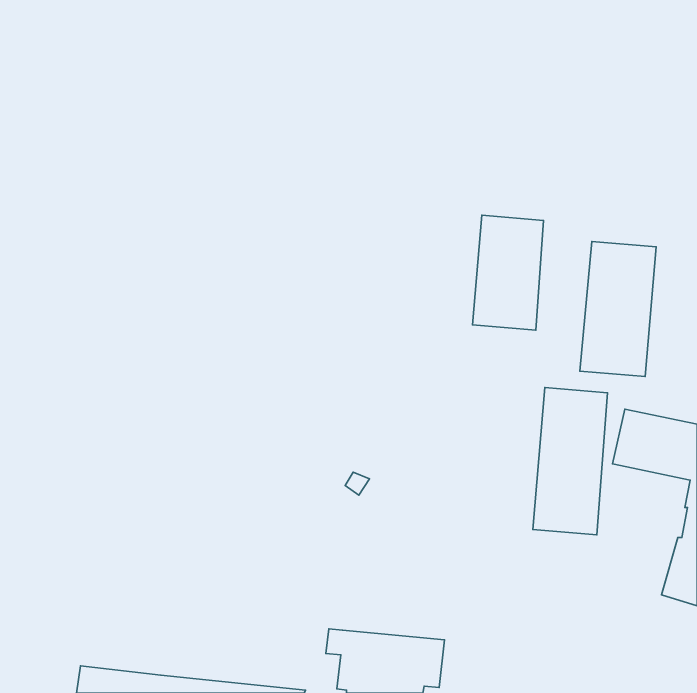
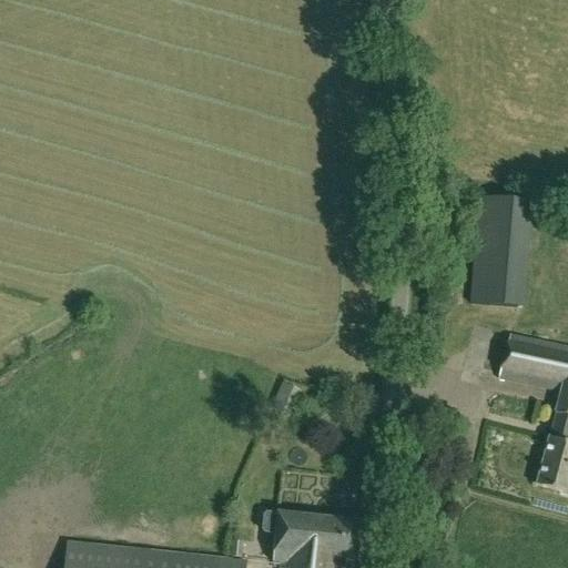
building: [473,215,544,330] -> none
building: [533,388,608,535] -> none

